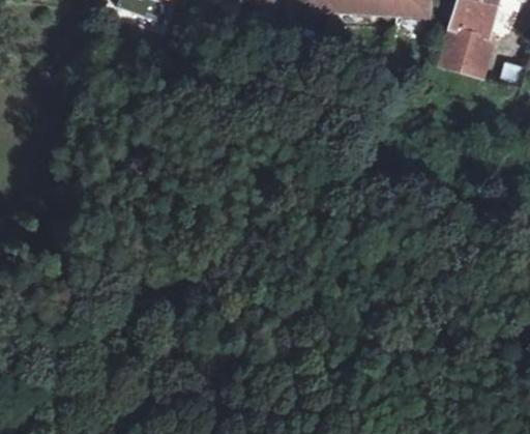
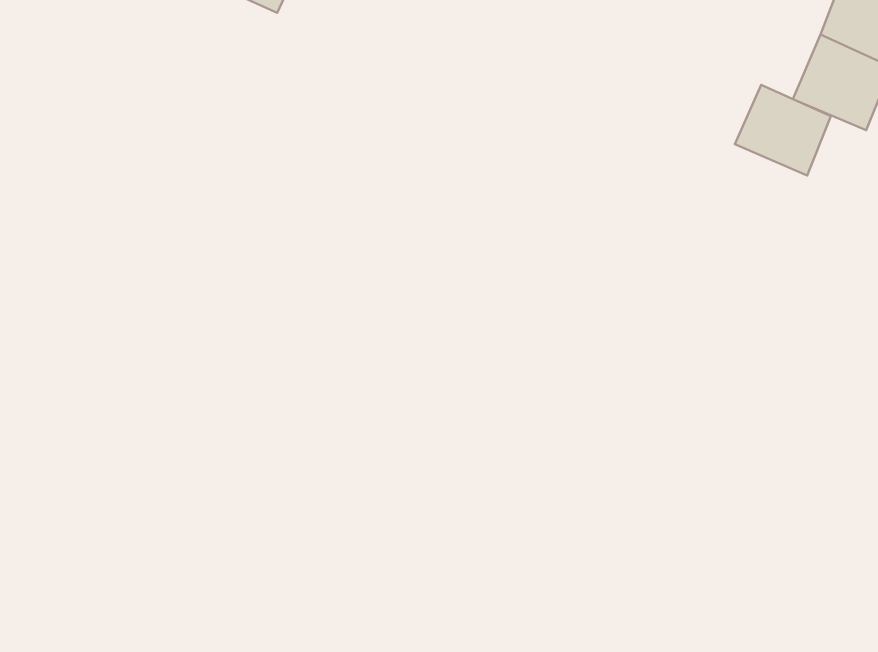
building: none -> [735,85,831,176]

